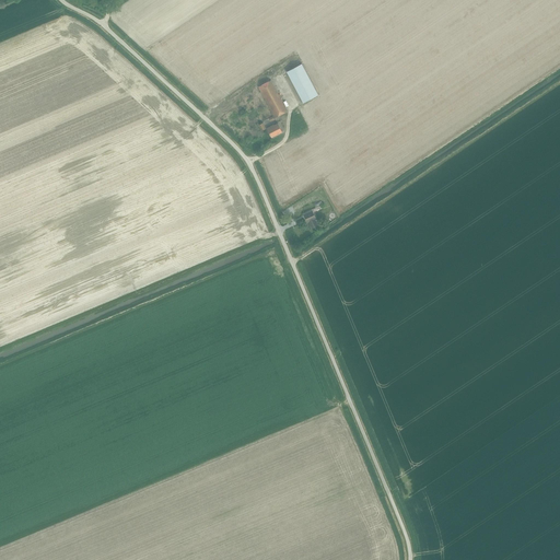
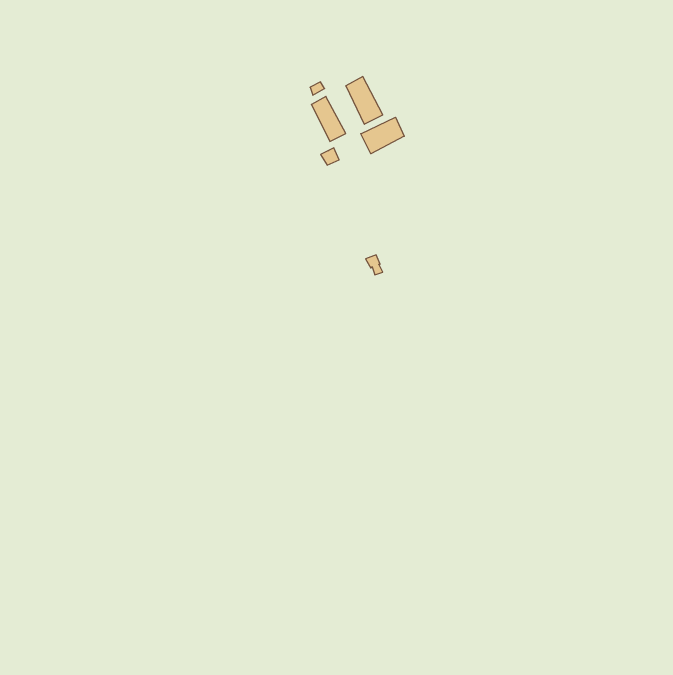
building: none -> [361,117,404,154]

